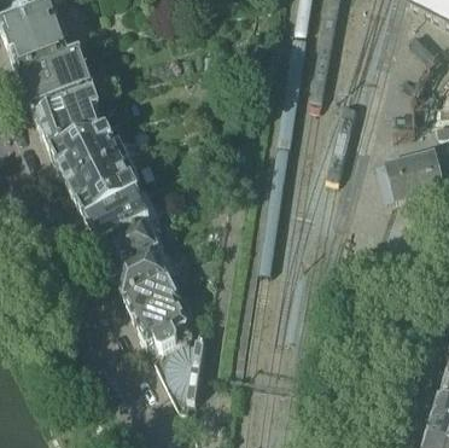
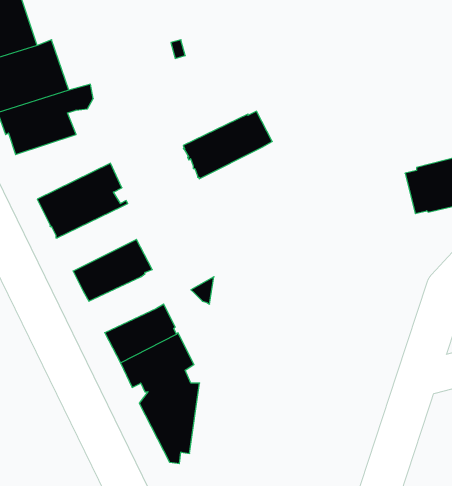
building: [51,130,130,187] -> none
building: [86,191,161,248] -> [183,111,272,179]
building: [112,252,169,299] -> none

